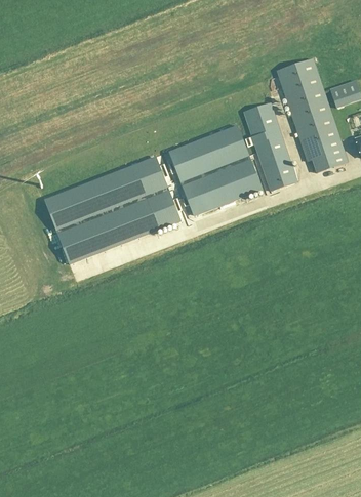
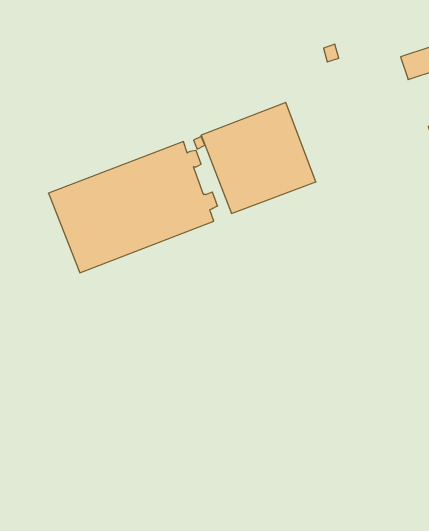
building: [277,57,348,171] -> none
building: [244,101,296,189] -> none

